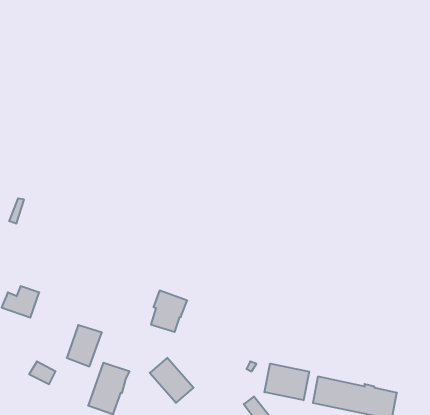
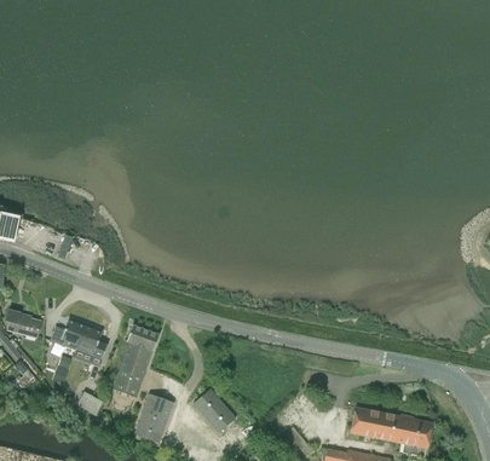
building: [151,291,187,332] -> [125,324,160,364]
building: none -> [79,325,108,359]
building: [264,364,309,400] -> none

